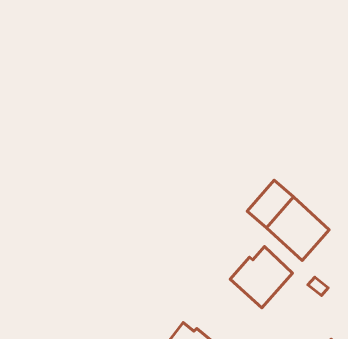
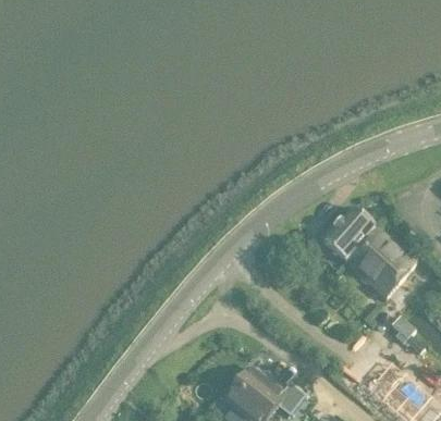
building: [230,247,293,308] -> none

